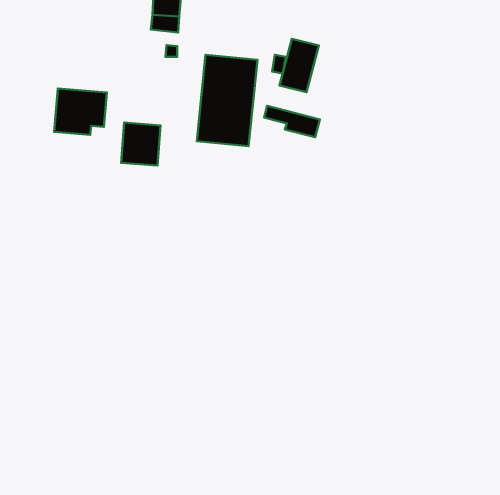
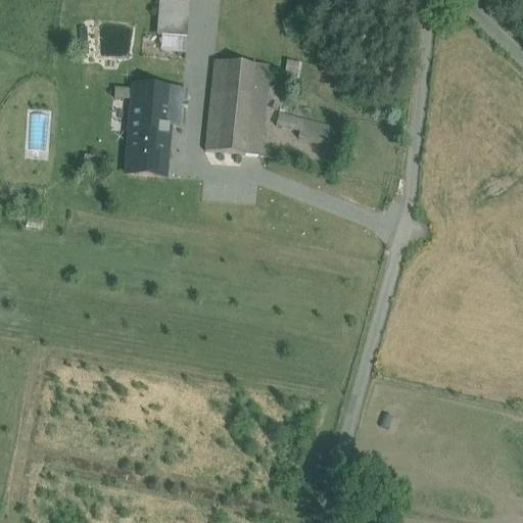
building: [280,39,319,92] -> none
building: [54,89,107,135] -> [130,83,185,131]

